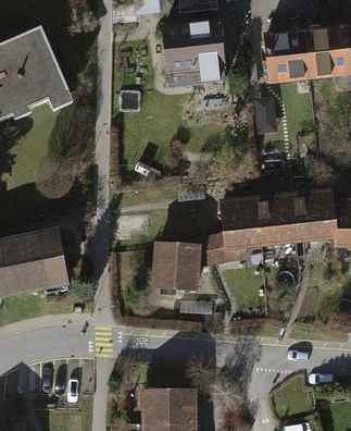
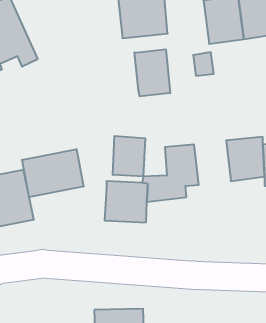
building: none -> [135,49,170,96]
building: none -> [113,136,145,176]
building: [252,195,294,246] -> none
building: none -> [22,149,84,197]

